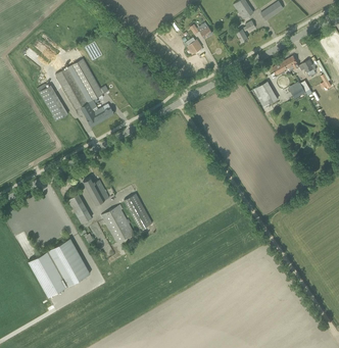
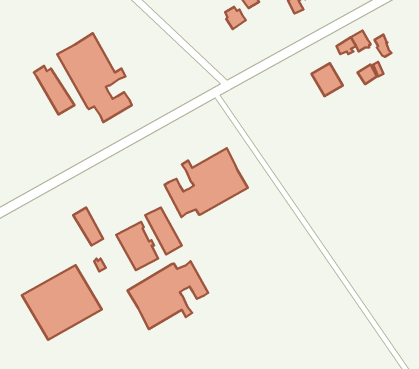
building: none -> [165,148,248,217]
building: [83,178,109,205] -> none
building: none -> [127,261,208,329]

